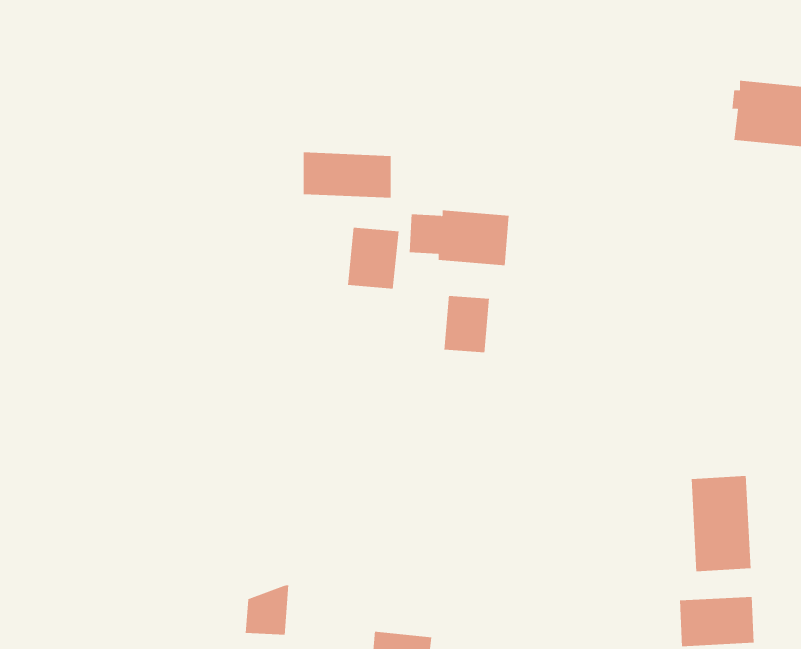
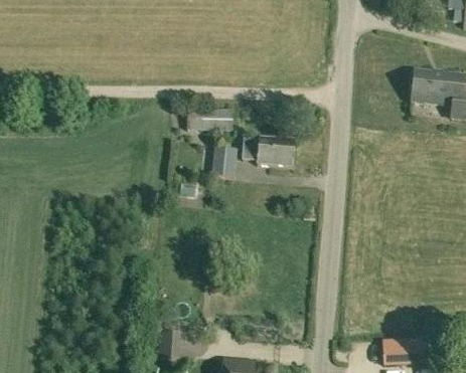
building: [444,295,490,353] -> none
building: [691,475,751,572] -> none

